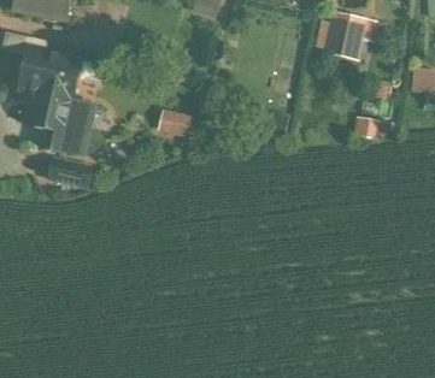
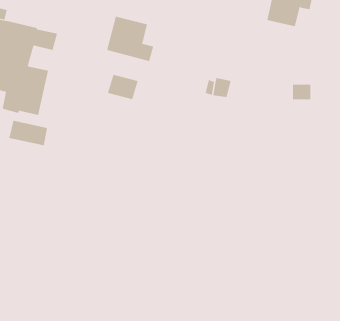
building: none -> [106,16,154,62]

